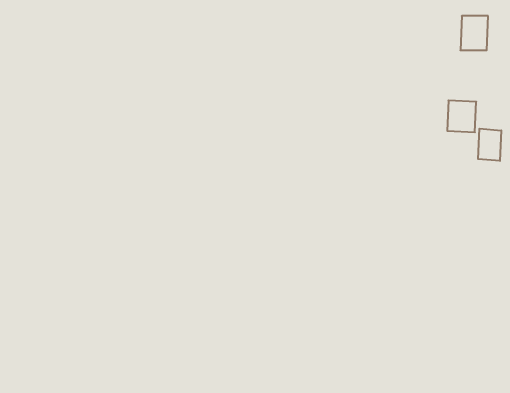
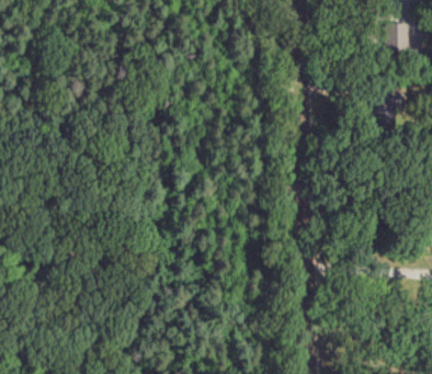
building: [478,129,501,161] -> none

